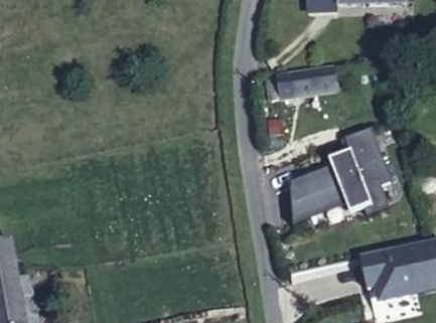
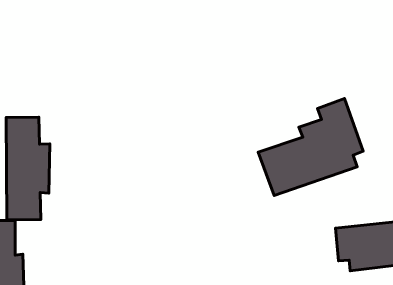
building: [273,65,351,98] -> none
building: none -> [6,117,50,220]

